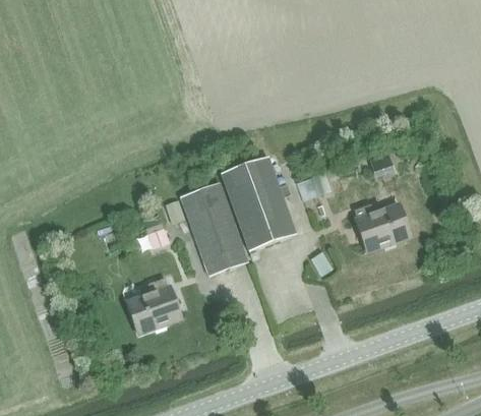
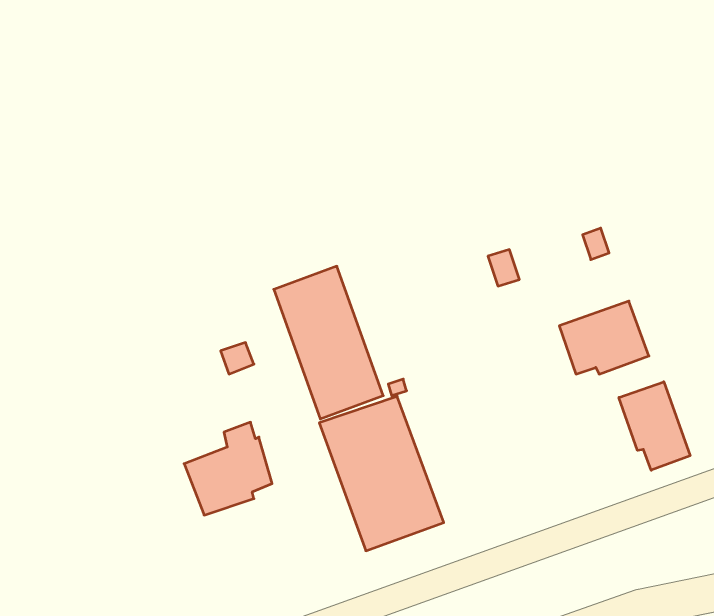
building: [220,156,296,250] -> [319,396,444,551]
building: none -> [619,382,690,470]

